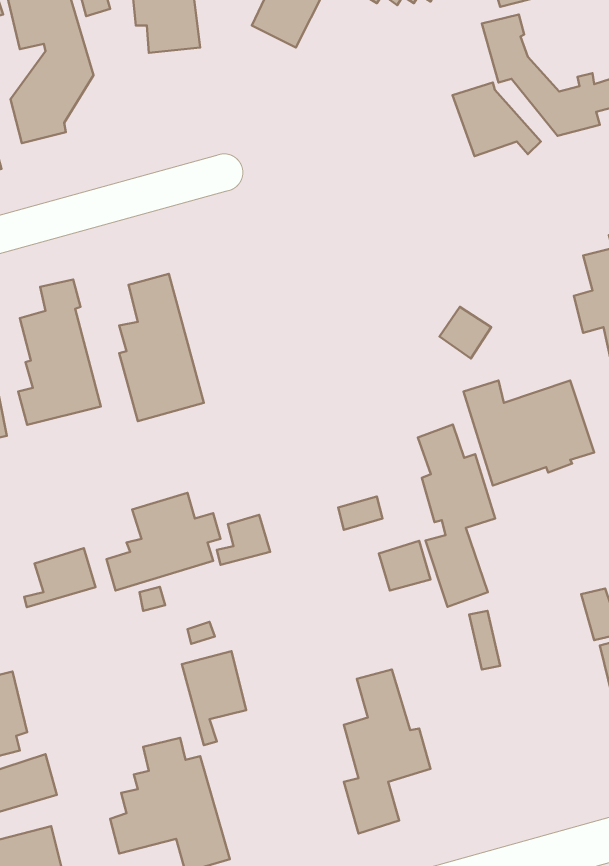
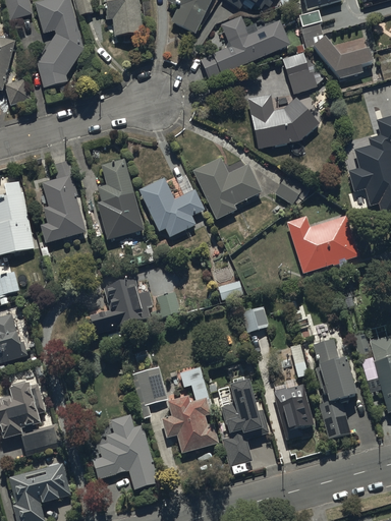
building: none -> [200,15,290,79]
building: none -> [247,93,319,150]
building: none -> [192,159,262,221]
building: none -> [139,178,204,236]
building: [418,425,495,607] -> [313,338,355,439]
building: [24,548,96,607] -> none
building: none -> [161,366,218,453]
building: none -> [273,383,314,440]

